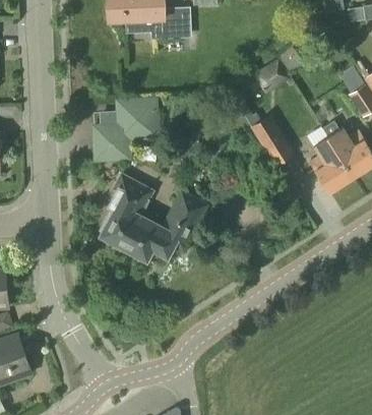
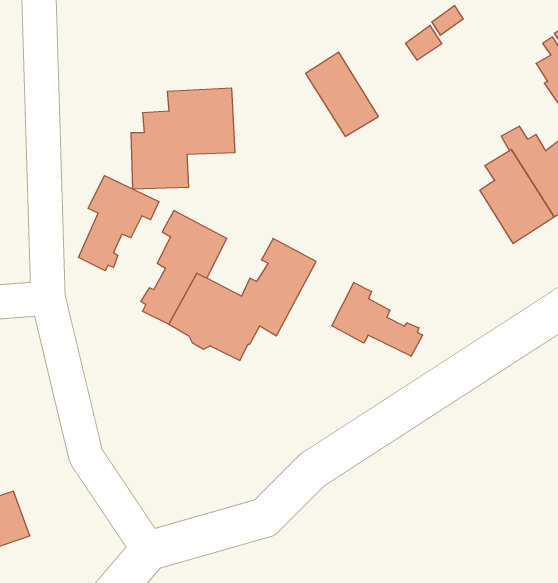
building: [250,114,295,166] -> [306,52,378,136]
building: none -> [79,176,159,271]
building: none -> [332,282,423,356]

